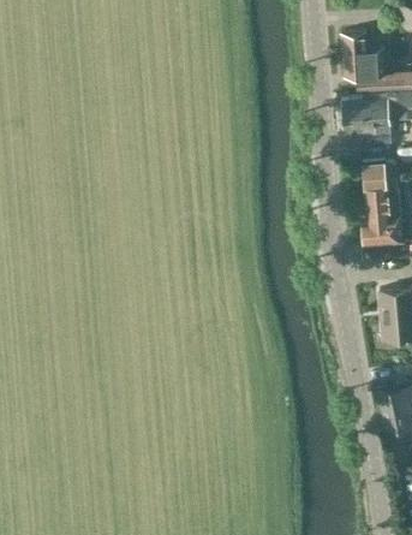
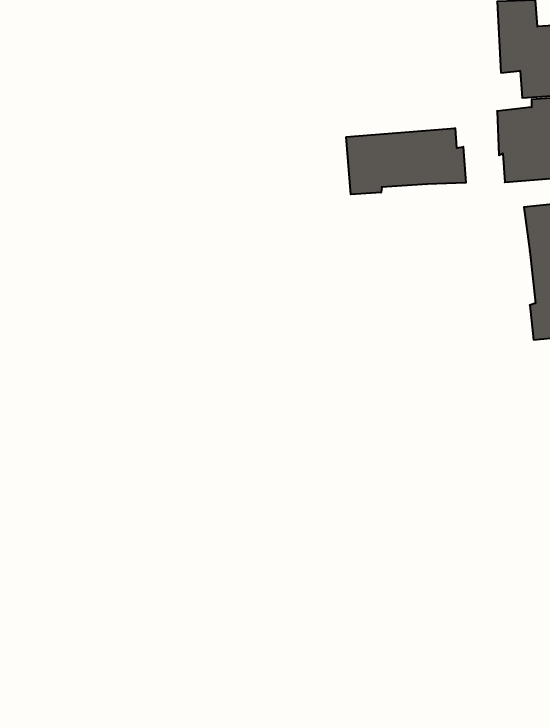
building: none -> [346,128,466,194]

